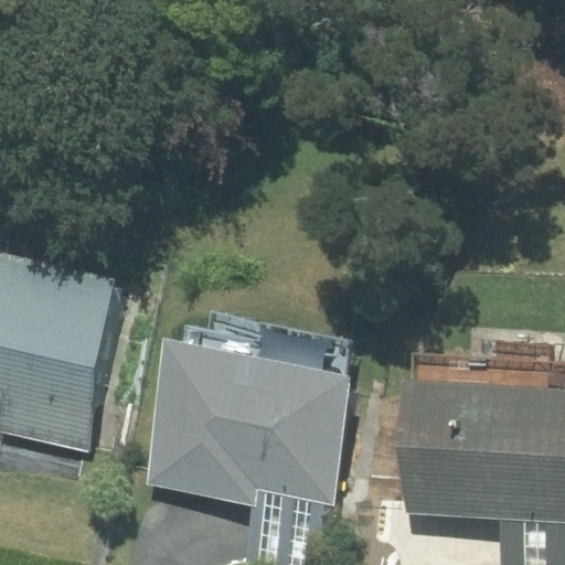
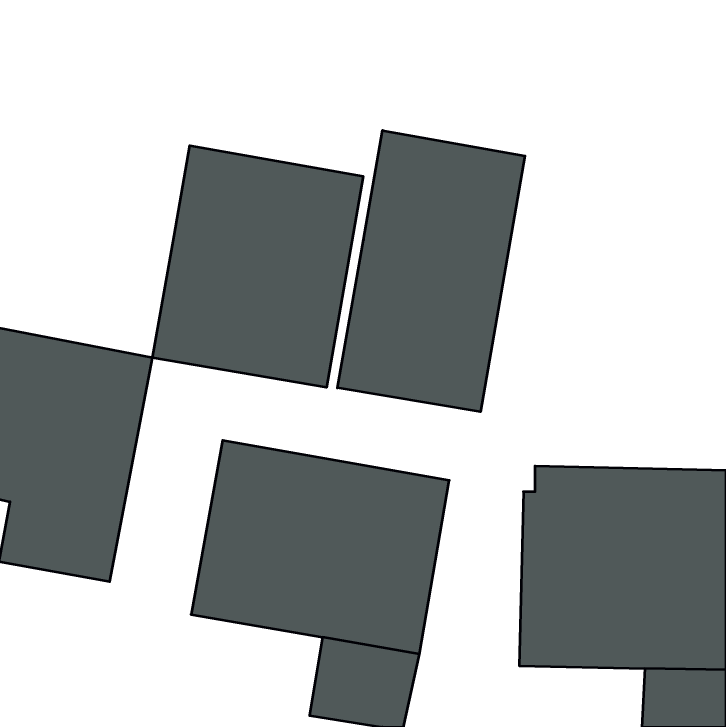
building: none -> [337,130,525,412]
building: none -> [153,146,363,387]

